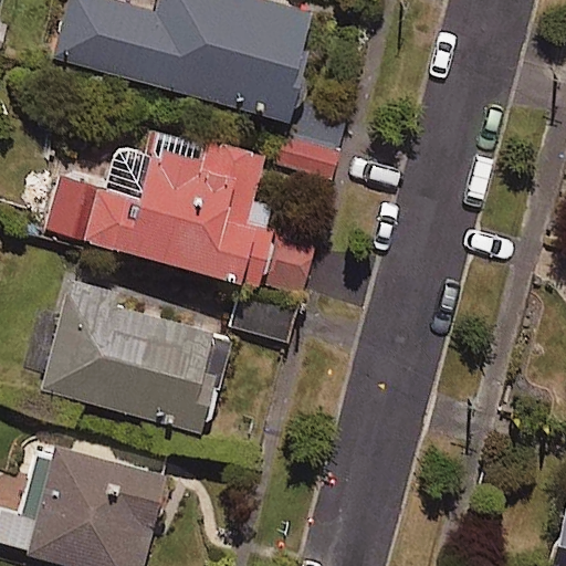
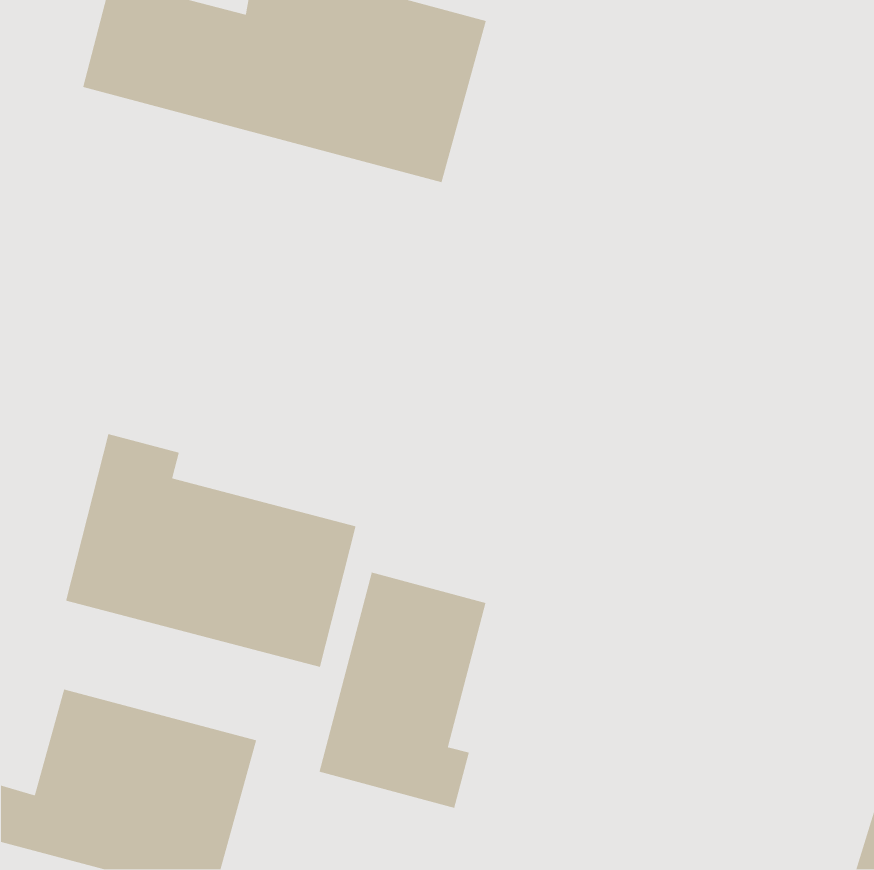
building: [52,128,275,291] -> none
building: none -> [319,571,487,809]

